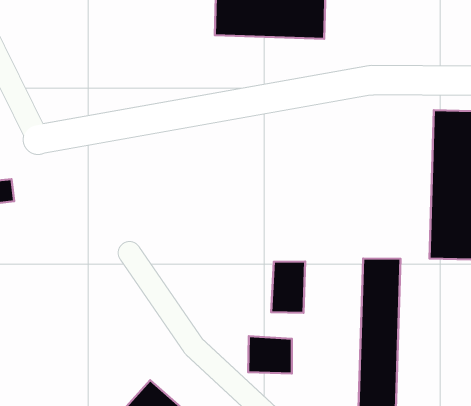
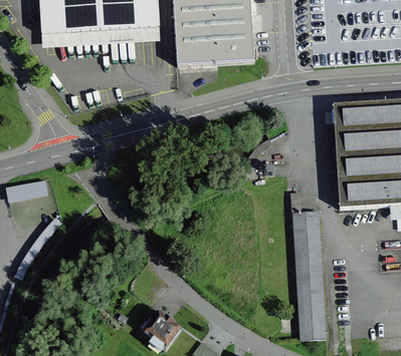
building: [271,262,305,313] -> none
building: [248,336,292,374] -> none

